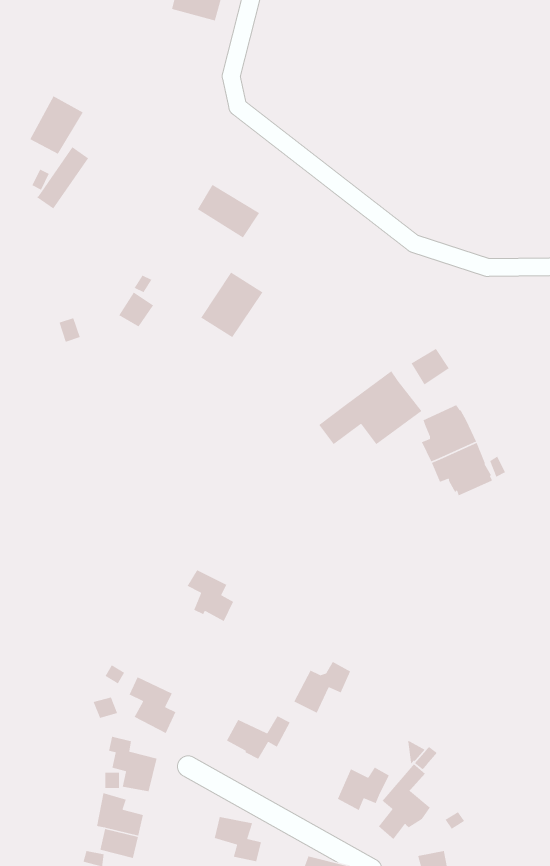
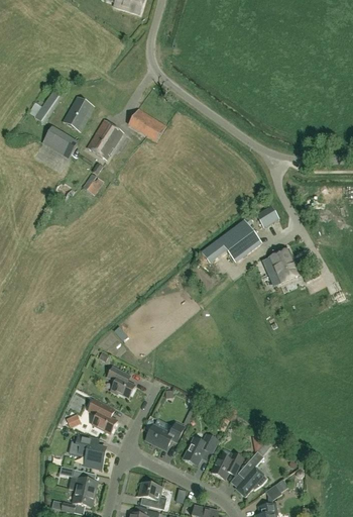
building: [29,95,84,155] -> [63,96,95,131]
building: none -> [42,126,78,159]
building: [200,272,263,338] -> [87,120,124,160]
building: [186,569,234,622] -> [107,367,135,398]
building: [293,661,351,714] -> [184,434,218,466]

